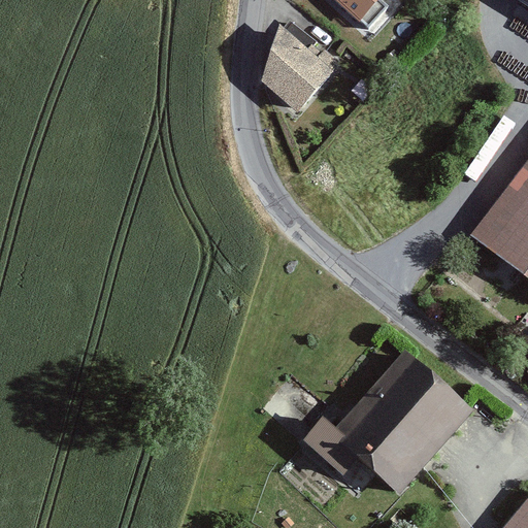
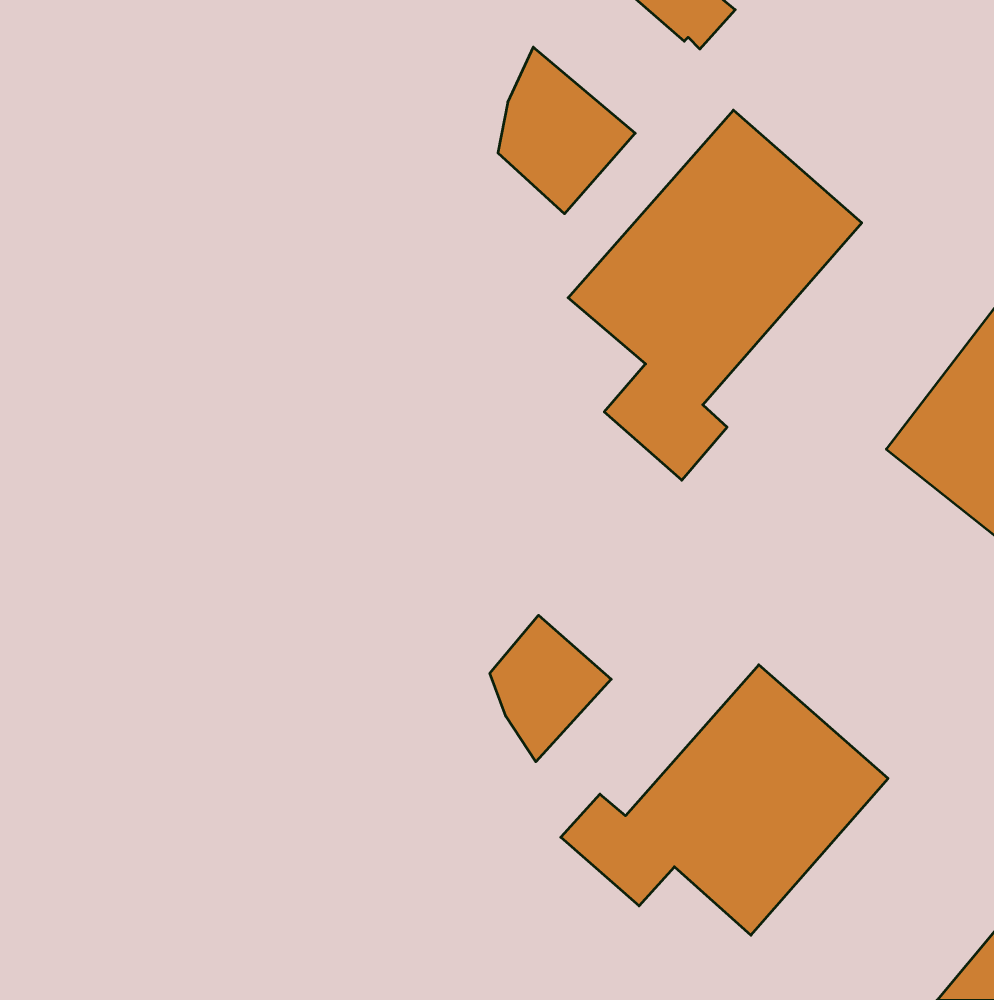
building: none -> [568,110,862,480]
building: none -> [490,615,611,762]

